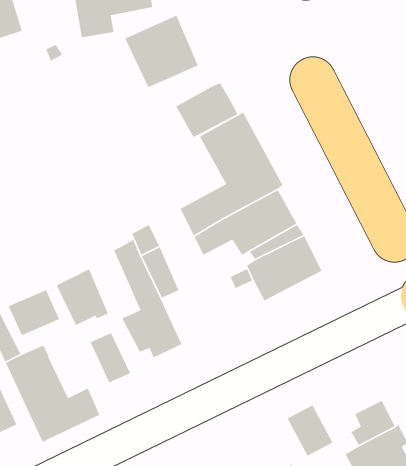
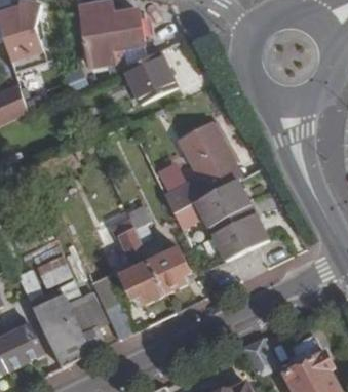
building: [175,82,238,138] -> none
building: [56,268,109,326] -> [66,289,105,332]
building: none -> [149,247,189,293]

